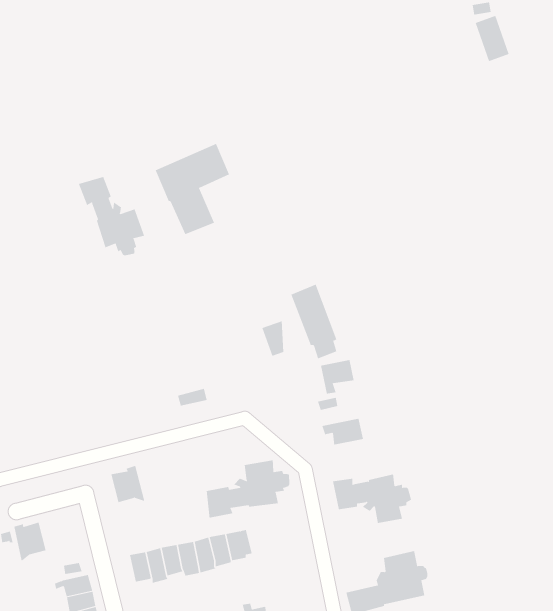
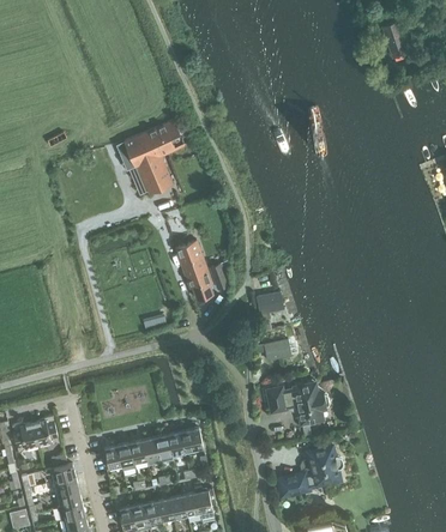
building: [78,176,145,256] -> none
building: [291,284,337,359] -> [175,241,212,301]
building: [206,460,290,519] -> none
building: [110,465,145,503] -> [32,416,60,446]

